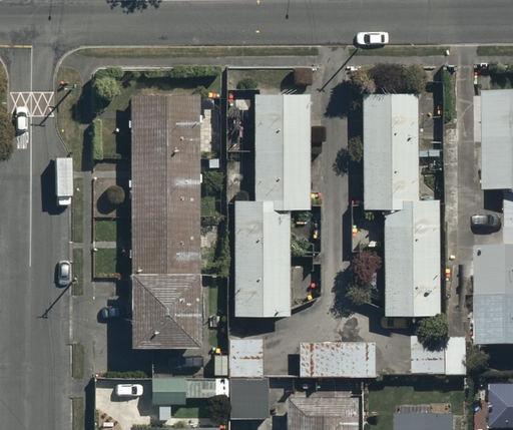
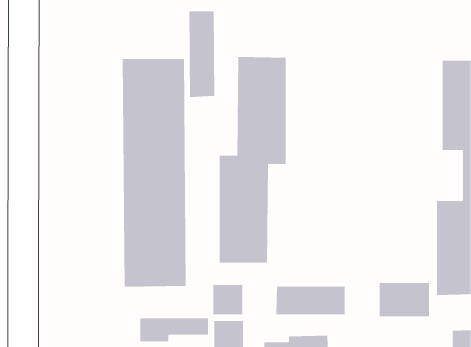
building: none -> [189,10,215,98]
building: [364,95,439,320] -> none

